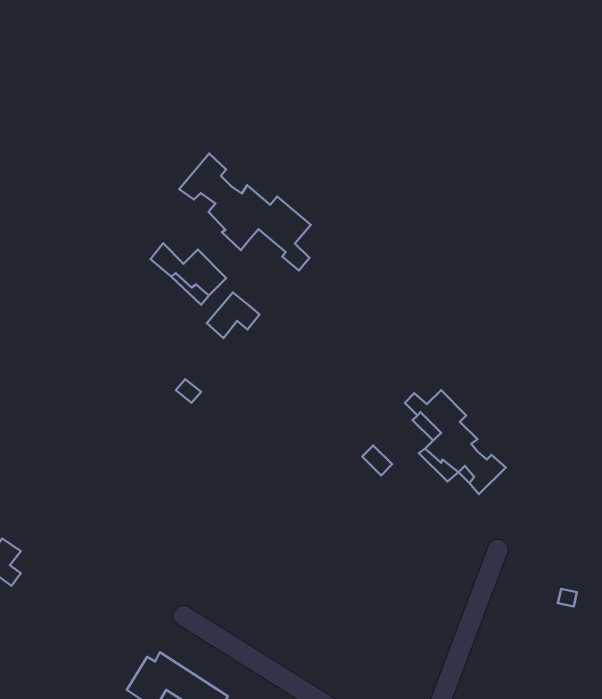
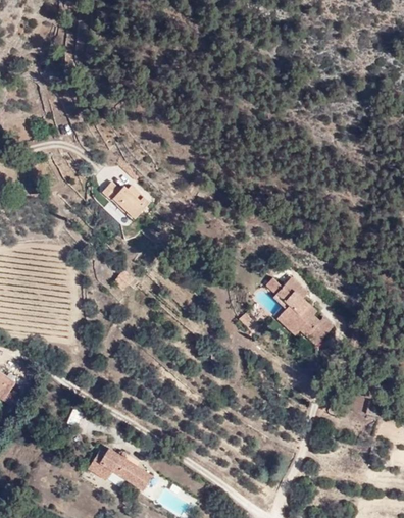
building: [179,153,311,271] -> none
building: [207,292,260,338] -> none

